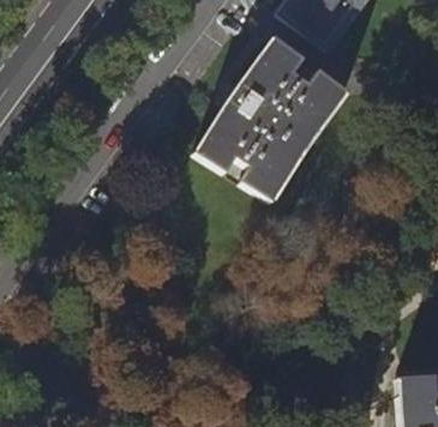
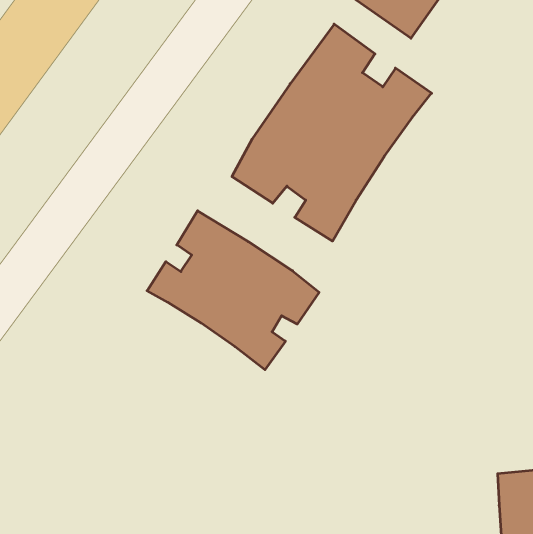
building: none -> [147,211,319,370]

